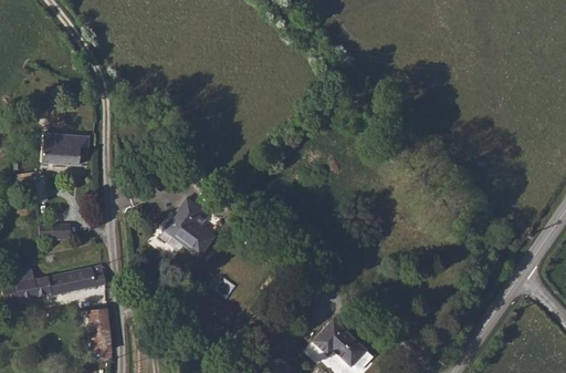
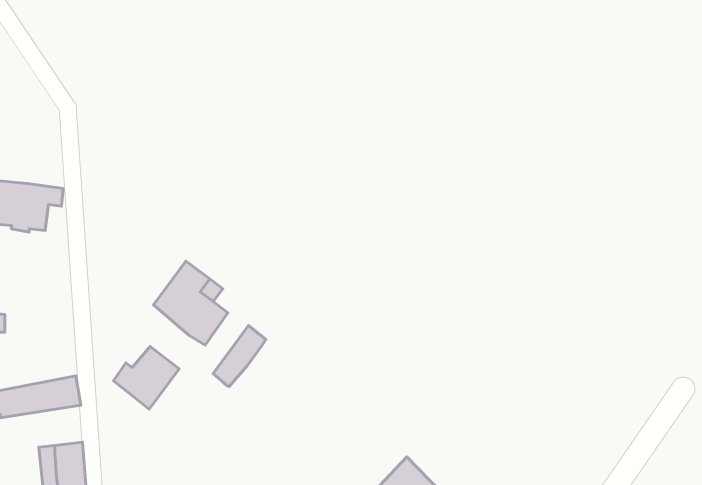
building: none -> [213,325,266,387]
building: none -> [113,347,179,409]

